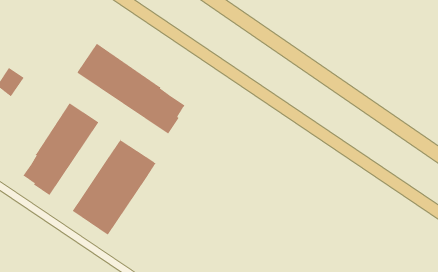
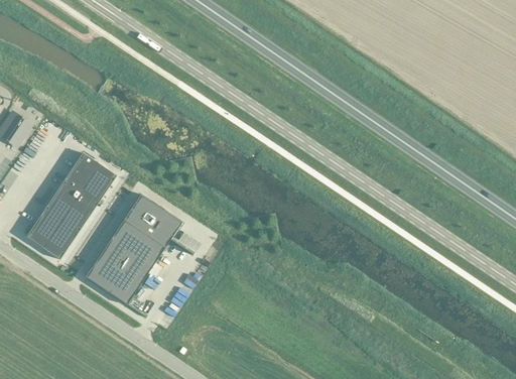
building: [77,43,185,134] -> none

